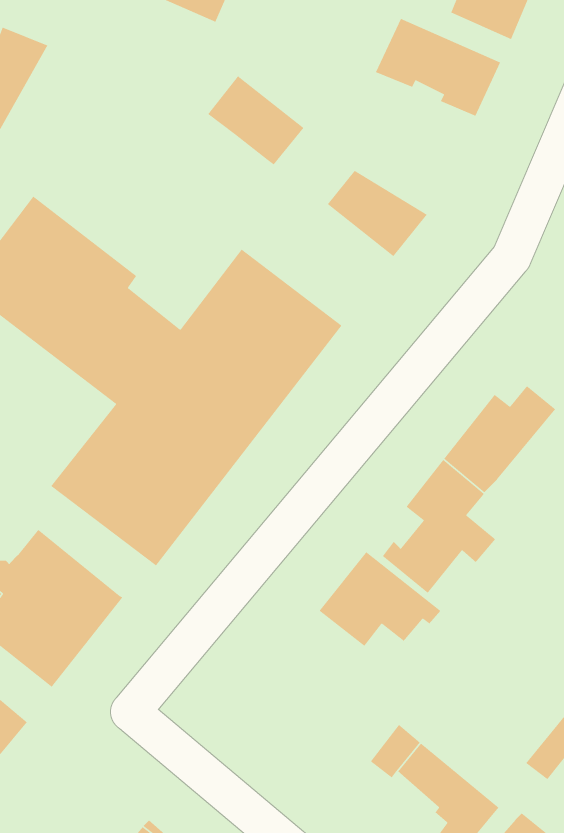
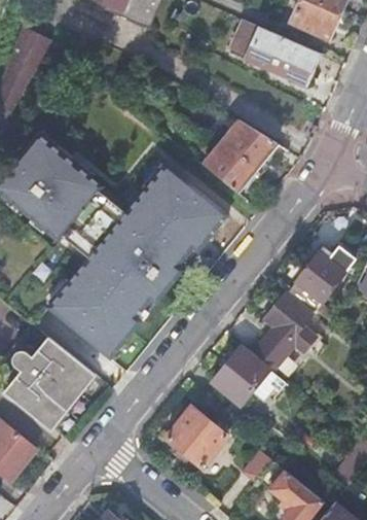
building: [207,75,305,166] -> [197,138,256,193]
building: none -> [164,408,226,467]

